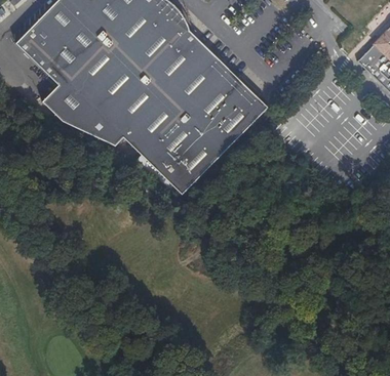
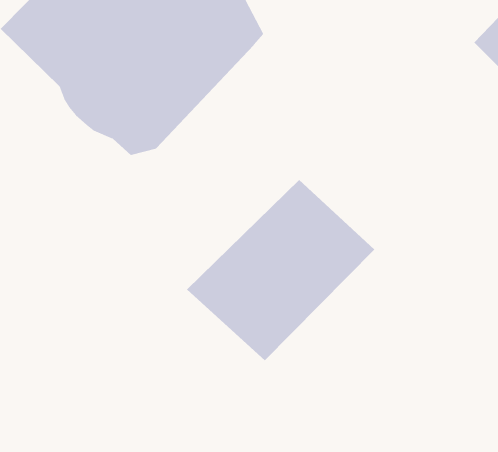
building: [124,57,265,193] -> [186,179,375,361]

